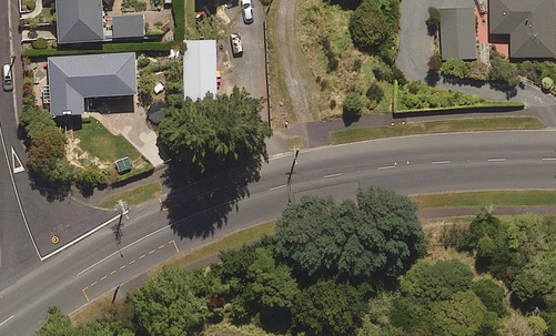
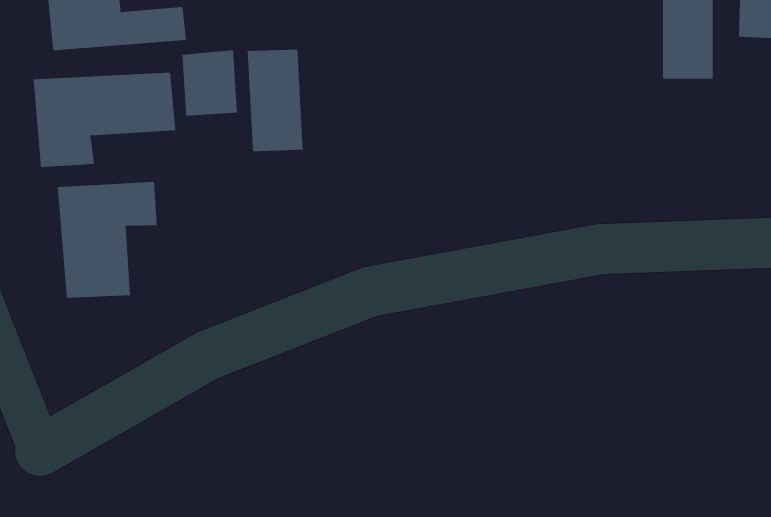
building: none -> [182,50,237,117]
building: none -> [57,181,157,299]

